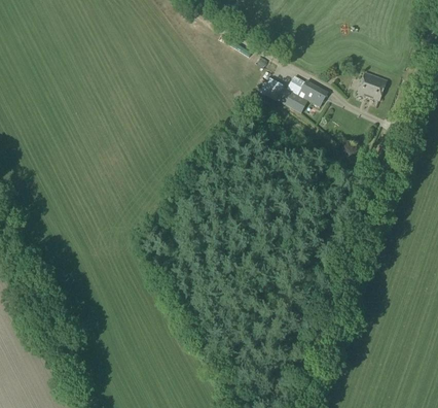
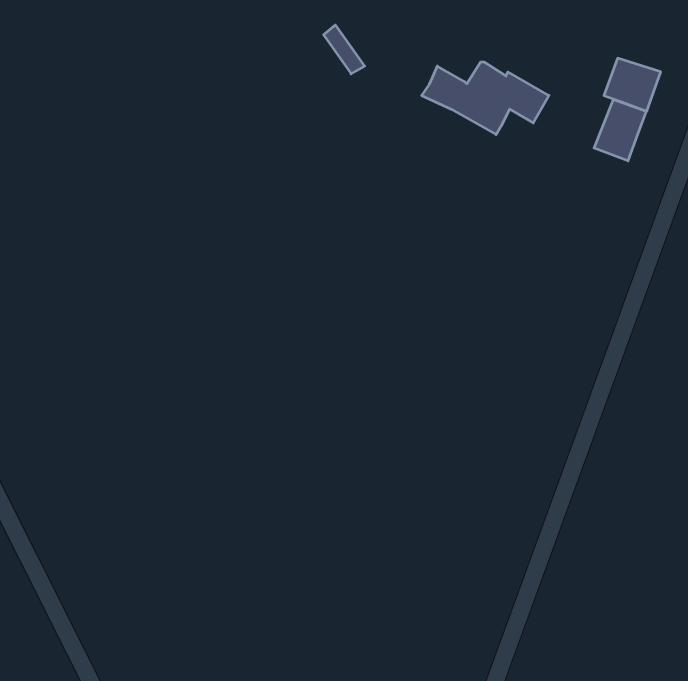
building: none -> [594,99,646,161]

